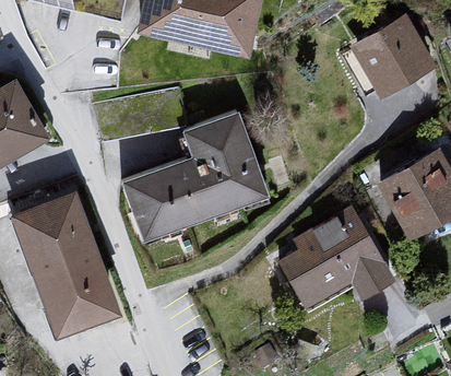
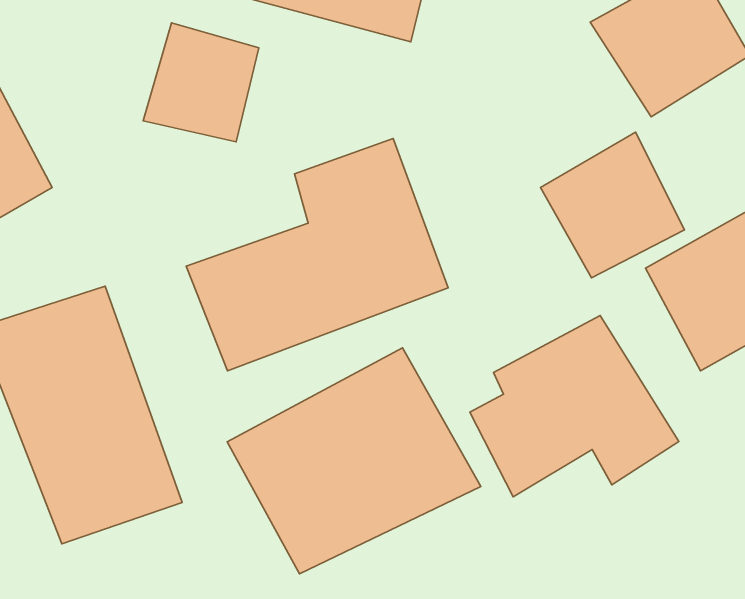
building: none -> [143,23,259,142]
building: none -> [541,132,685,278]
building: none -> [227,348,481,574]

